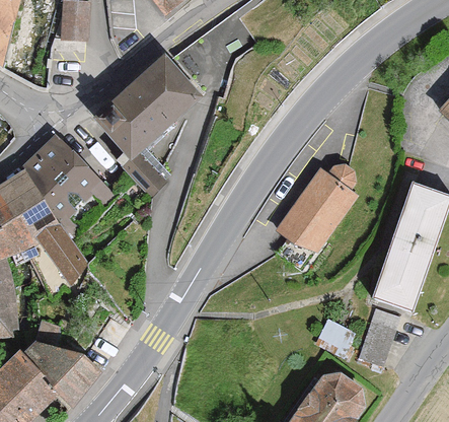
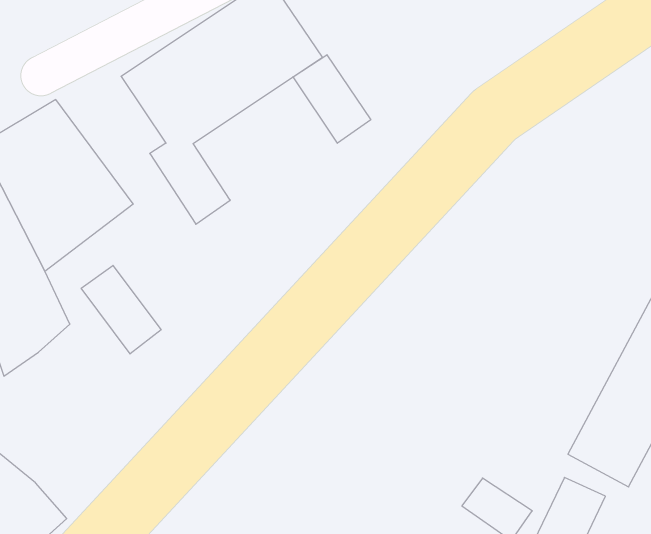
building: none -> [293,55,371,143]
building: [275,164,357,250] -> none
building: none -> [81,265,161,354]

